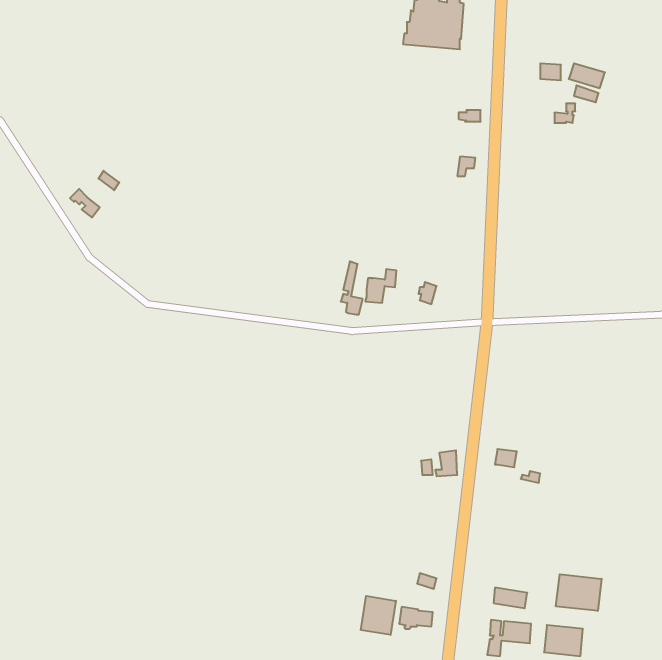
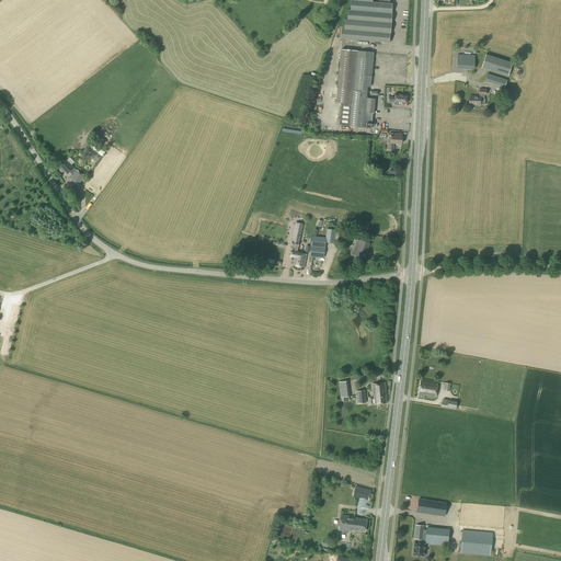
building: none -> [335,48,373,127]
building: [556,574,602,611] -> none
building: [361,596,396,635] -> none

